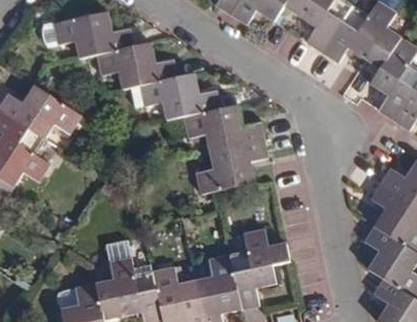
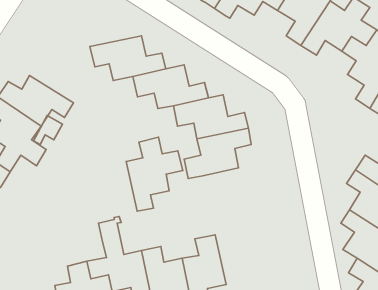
building: [40,11,133,57] -> none
building: [230,227,290,305] -> [126,137,183,211]

